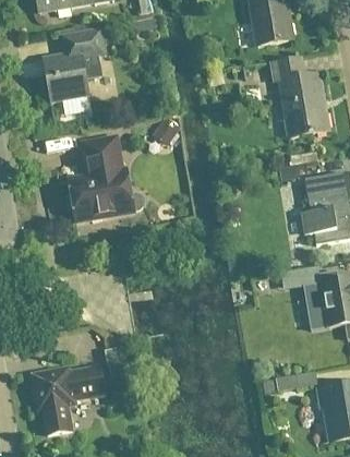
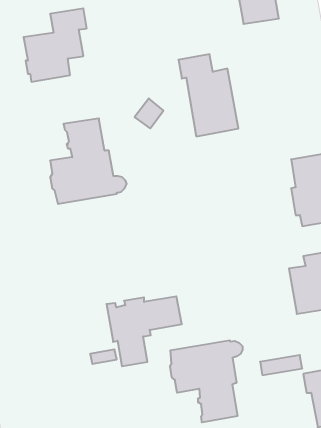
building: [270,57,329,137] -> [178,54,238,136]
building: none -> [170,340,243,422]
building: [32,366,106,435] -> [106,296,182,366]

